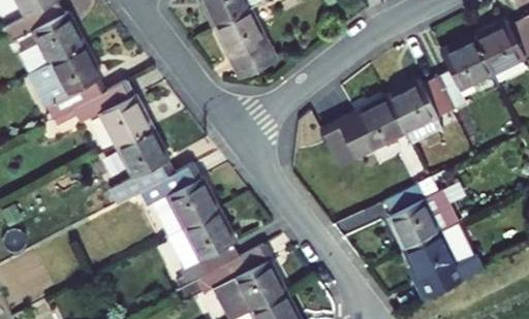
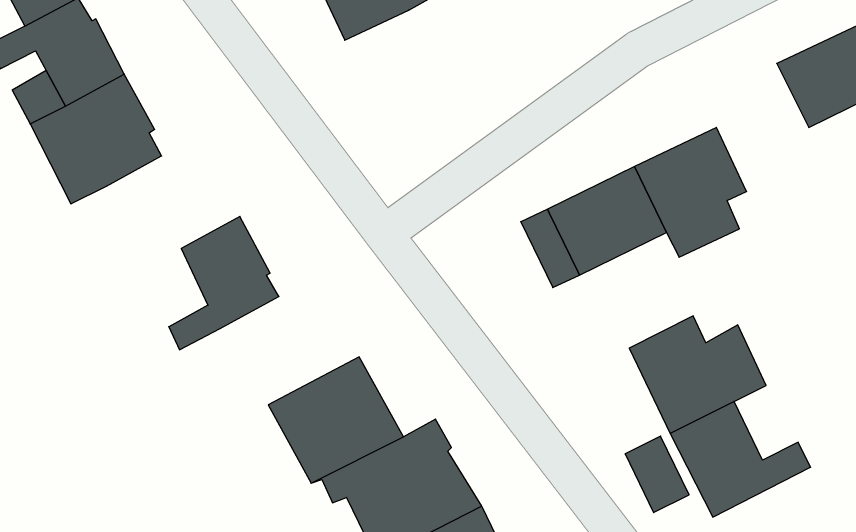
building: [213,8,273,72] -> none
building: [429,39,483,114] -> none
building: [74,83,152,147] -> none
building: [141,166,221,237] -> none
building: [439,225,476,269] -> [625,436,689,513]

